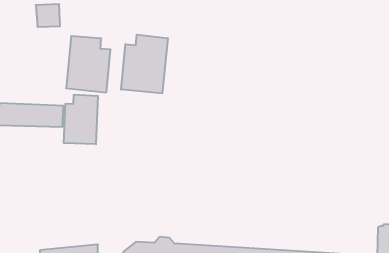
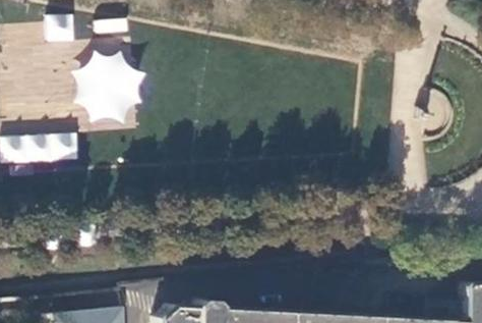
building: [121,35,168,93] -> none
building: [64,95,98,144] -> none

